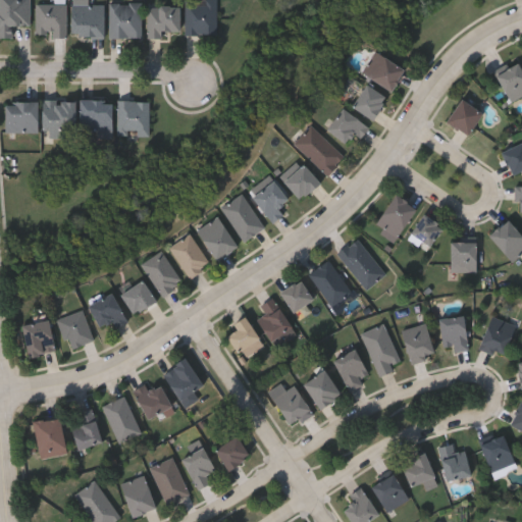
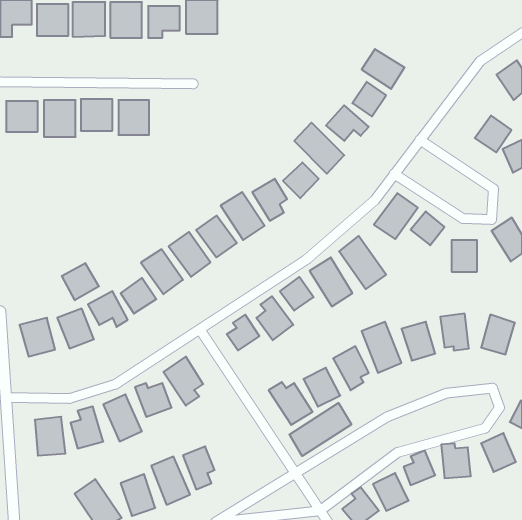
building: [446,98,482,135] -> [475,116,511,152]
building: none -> [62,263,99,300]
building: none -> [289,403,351,456]
building: [214,435,249,470] -> none

